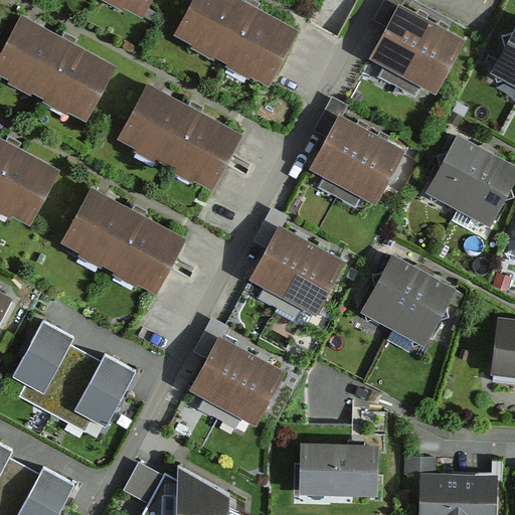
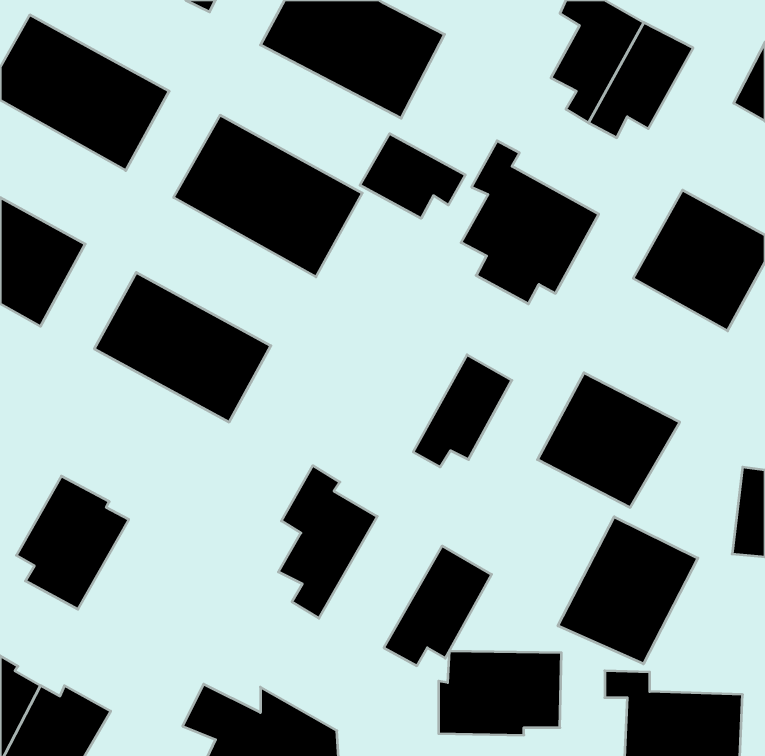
building: none -> [360,134,465,218]
building: [248,209,314,310] -> none
building: [214,353,287,434] -> [384,546,492,666]
building: none -> [558,517,698,664]
building: [52,355,136,433] -> none

